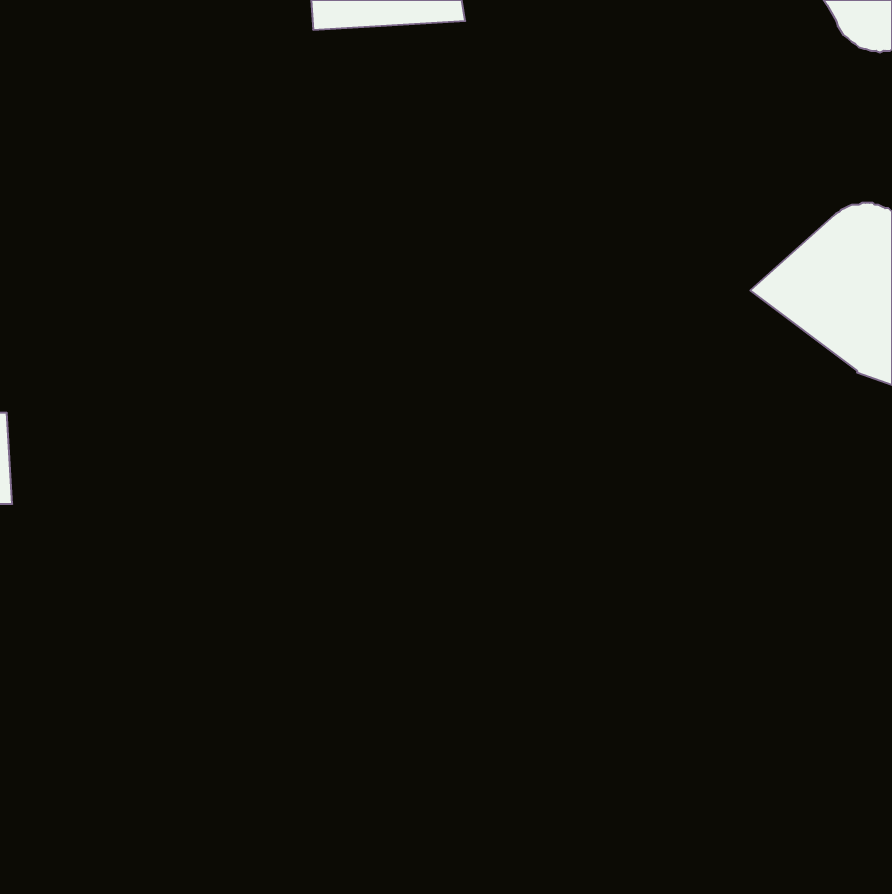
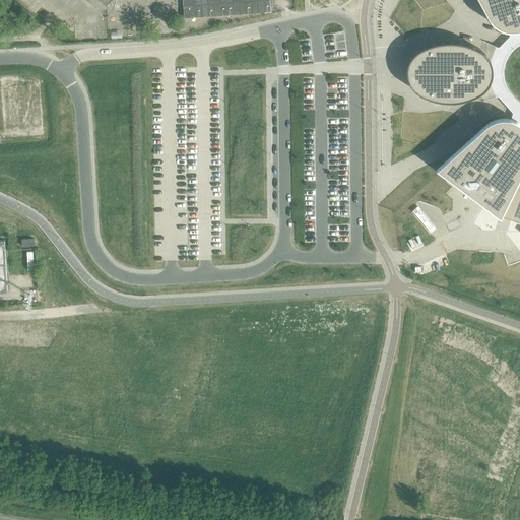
building: none -> [405,42,492,102]

